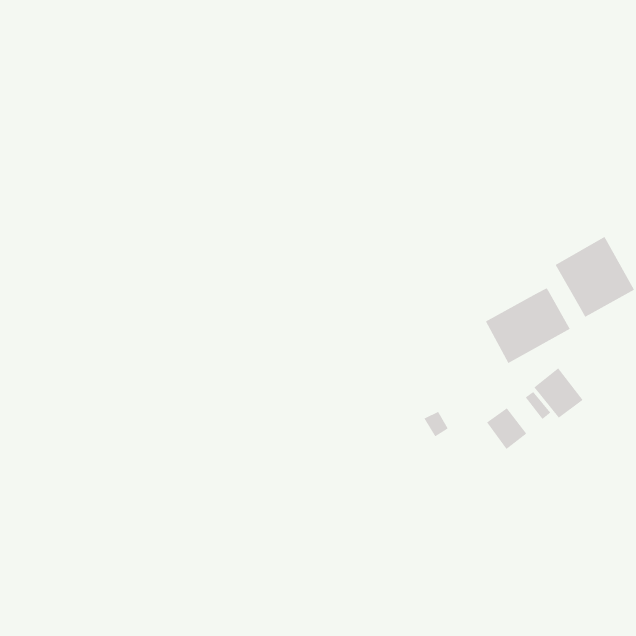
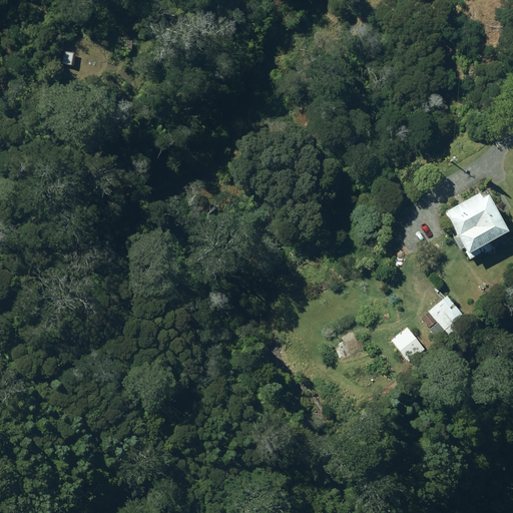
building: [485,287,571,364] -> none

